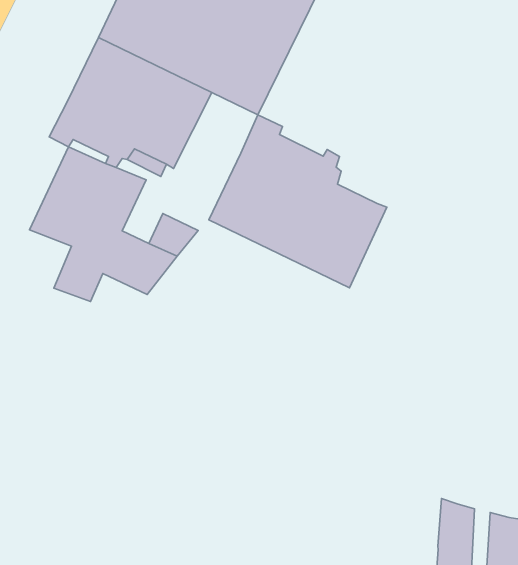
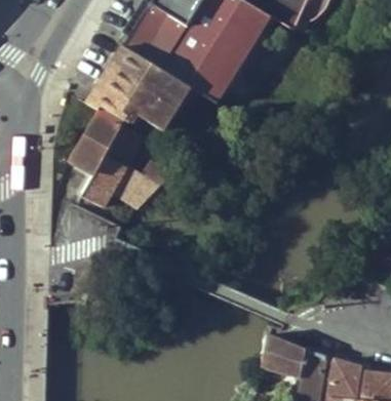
building: [209,115,387,288] -> none
building: none -> [260,329,306,376]

